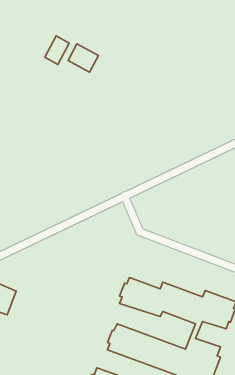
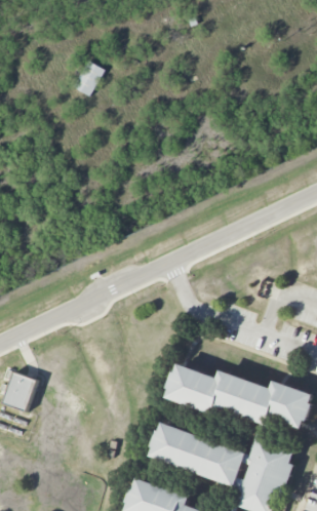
building: [68,44,98,72] -> none

